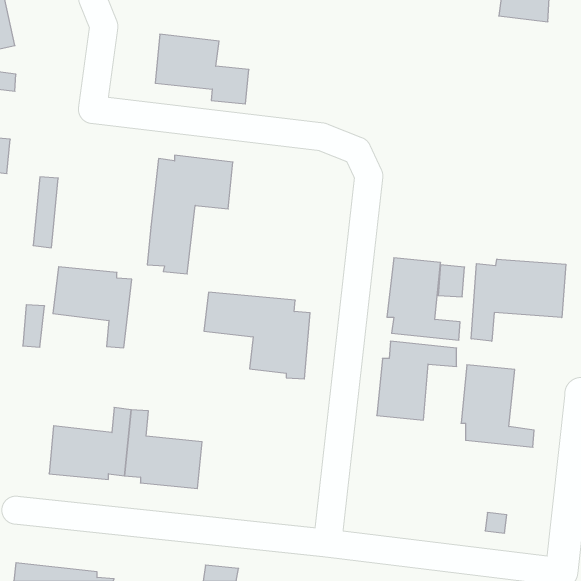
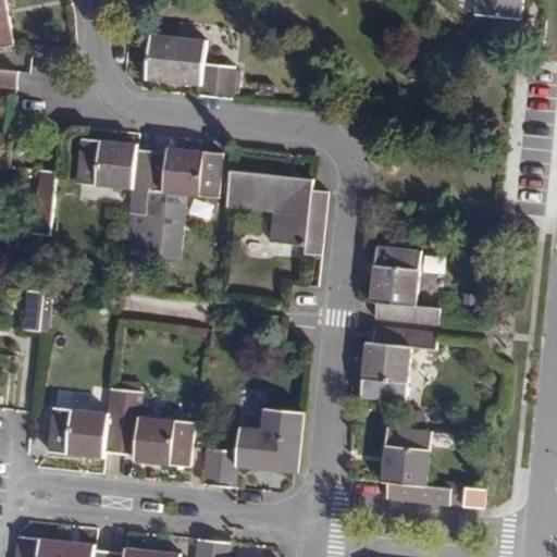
building: [471,259,566,341] -> none
building: [53,267,132,348] -> [76,139,151,216]
building: [204,292,310,379] -> [225,171,326,253]
building: [461,365,534,447] -> [380,426,449,505]
building: none -> [201,407,304,486]

